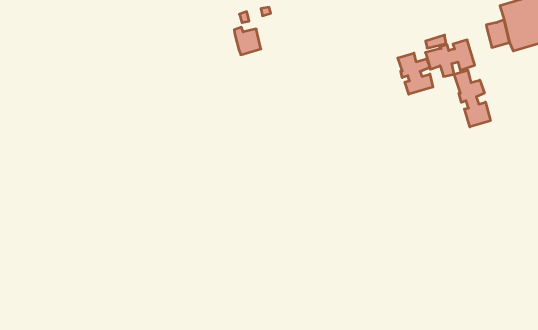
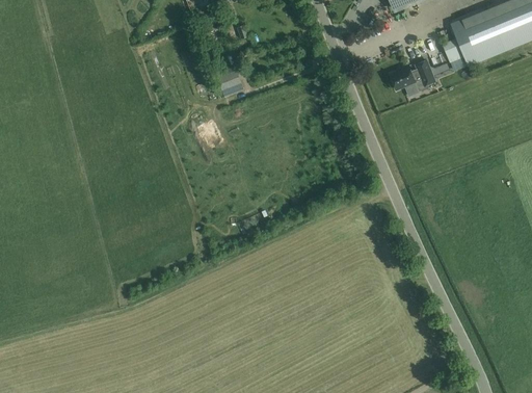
building: [398,53,433,94] -> none
building: [454,70,490,127] -> none

